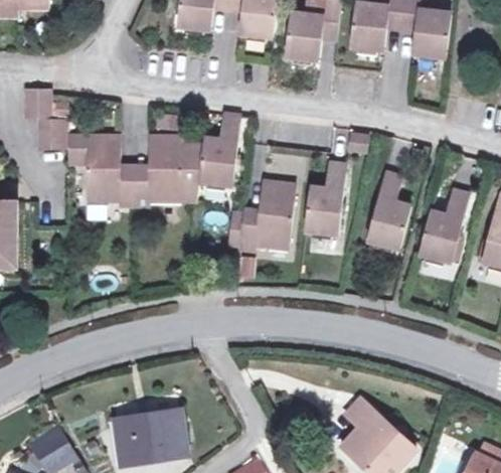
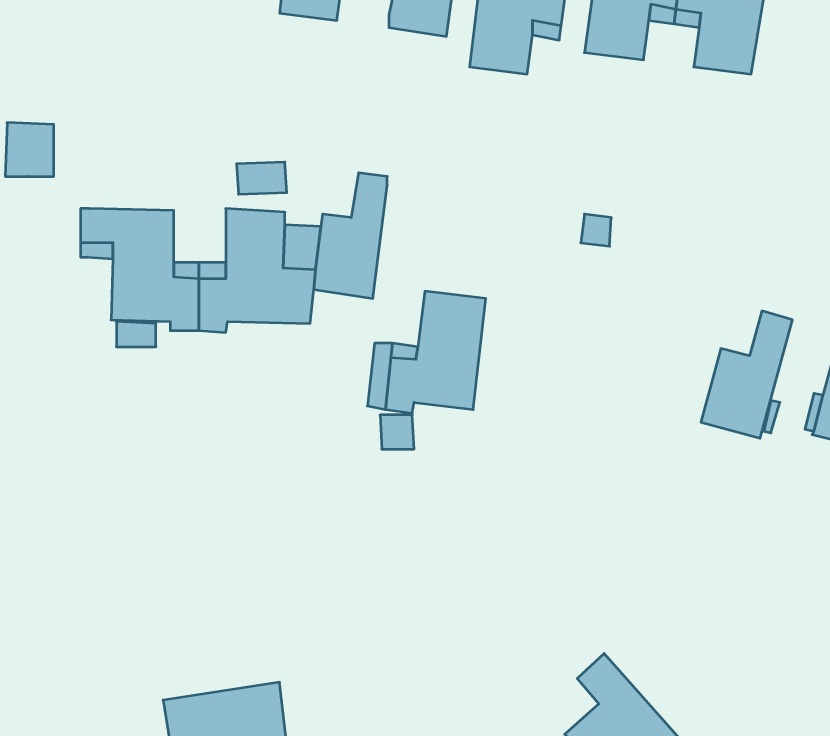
building: [38,119,64,149] -> none
building: [302,165,345,235] -> none
building: [364,175,407,251] -> none

